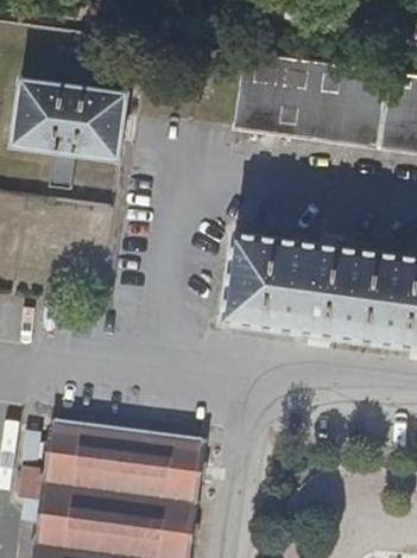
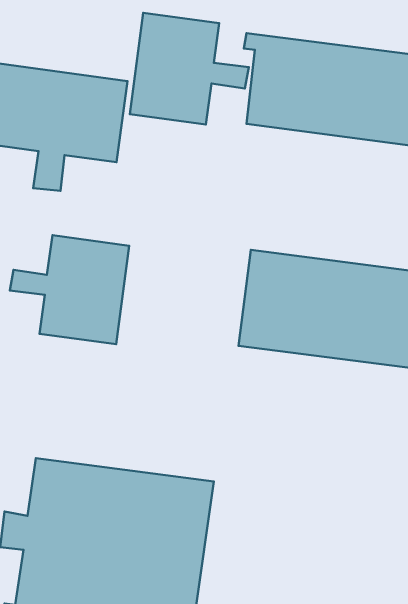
building: none -> [130,13,249,124]
building: none -> [10,235,129,344]

